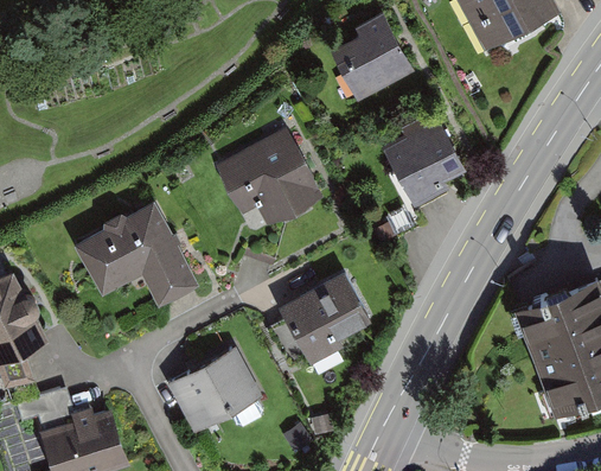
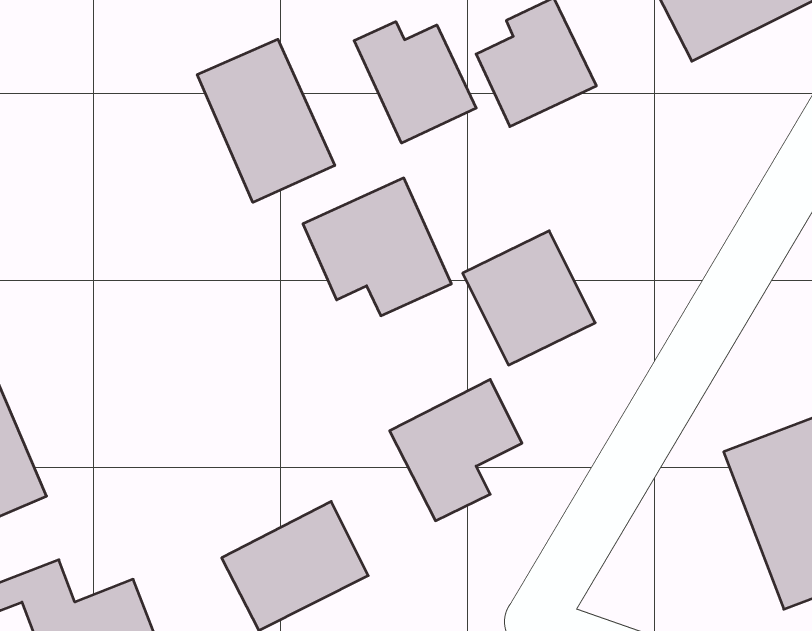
building: none -> [354,22,476,143]
building: none -> [197,39,335,202]
building: [388,117,477,208] -> [463,231,595,365]
building: [73,198,204,307] -> none

